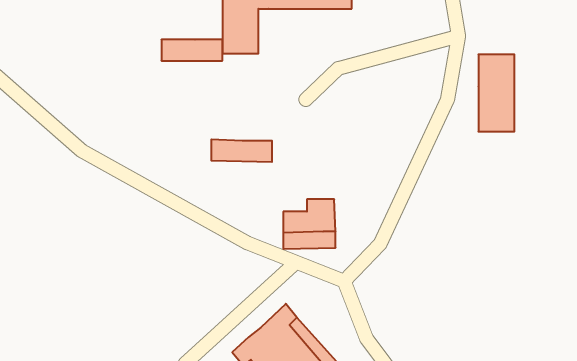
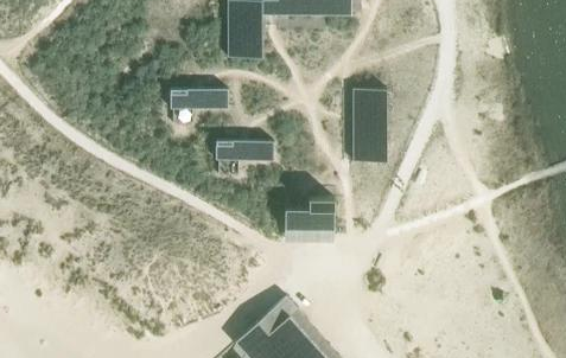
building: [161,40,222,61] -> [170,89,228,109]
building: [478,54,514,132] -> [354,89,388,162]

